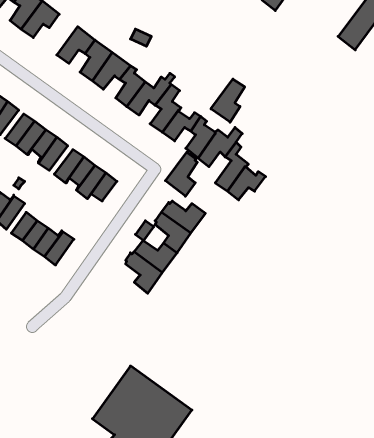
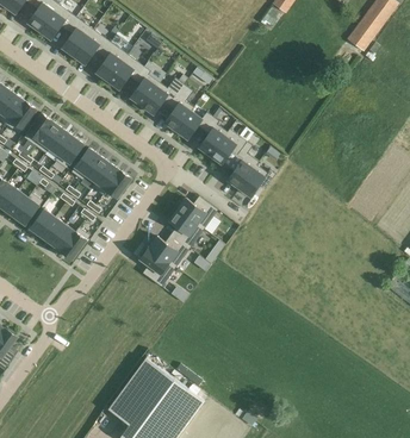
building: none -> [61,18,93,57]
building: [211,79,245,122] -> none
building: [165,152,197,196] -> none

